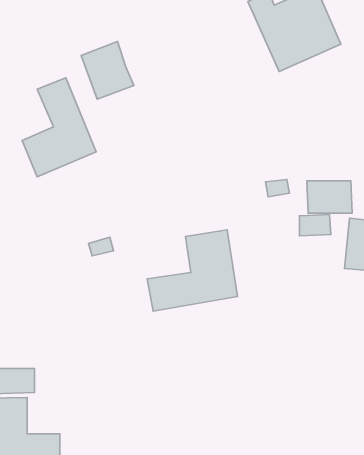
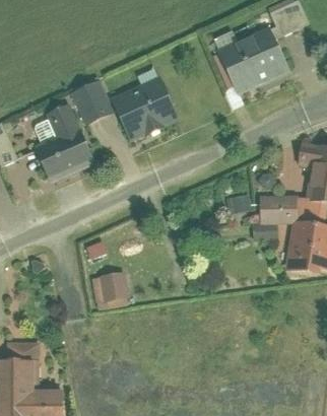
building: none -> [115,78,183,142]
building: [147,230,238,311] -> none
building: none -> [95,267,130,300]

